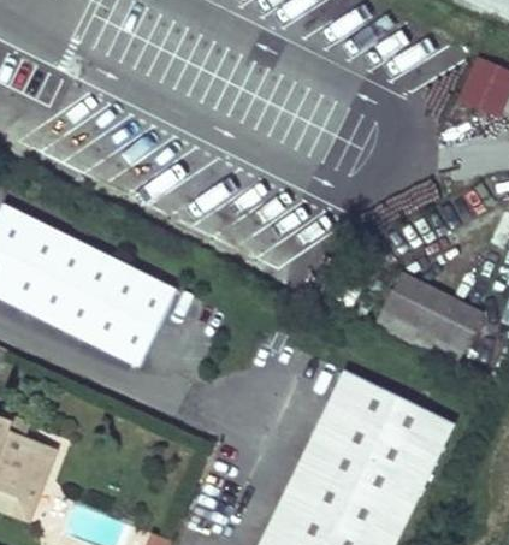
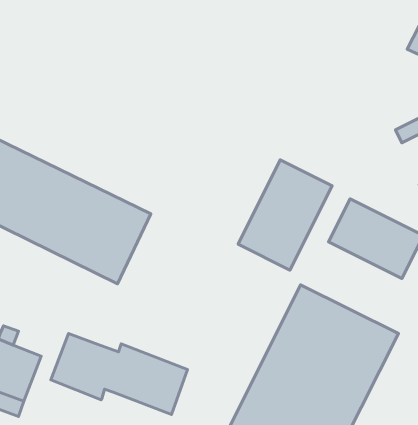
building: none -> [238,160,332,270]
building: none -> [51,333,188,414]

